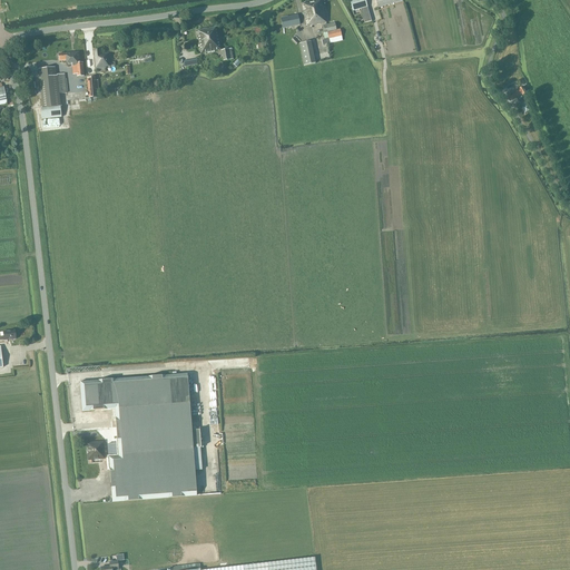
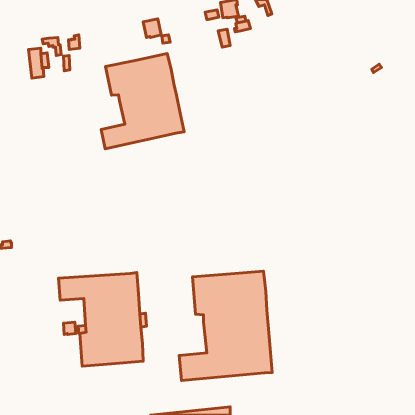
building: none -> [101,54,184,149]
building: none -> [179,271,272,381]

